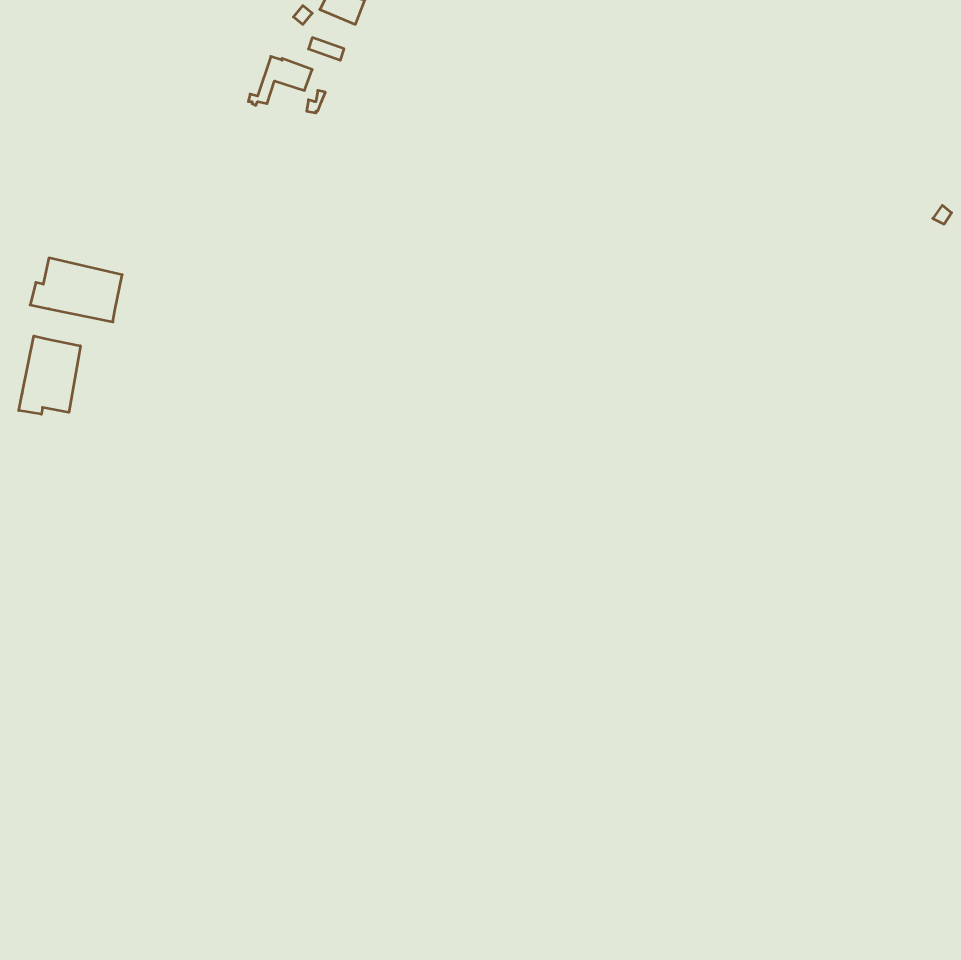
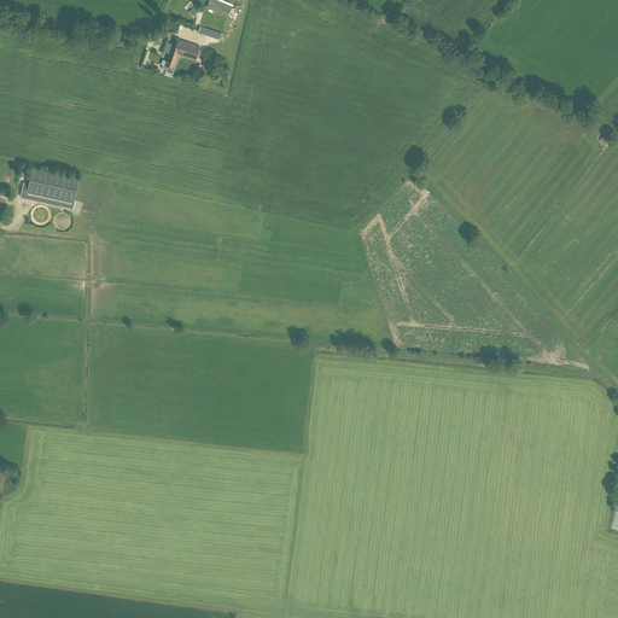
building: [19,336,80,414] -> none

